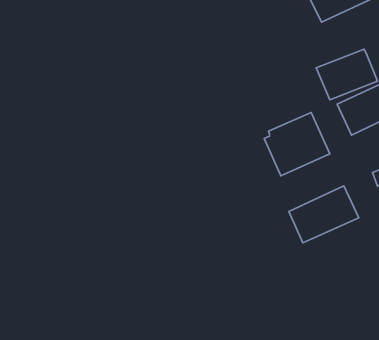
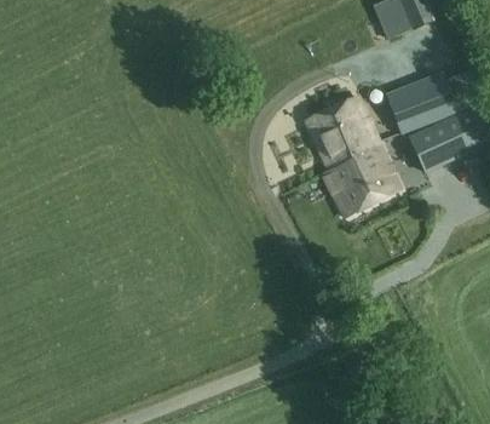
building: none -> [306,96,377,171]
building: [289,186,359,243] -> none

